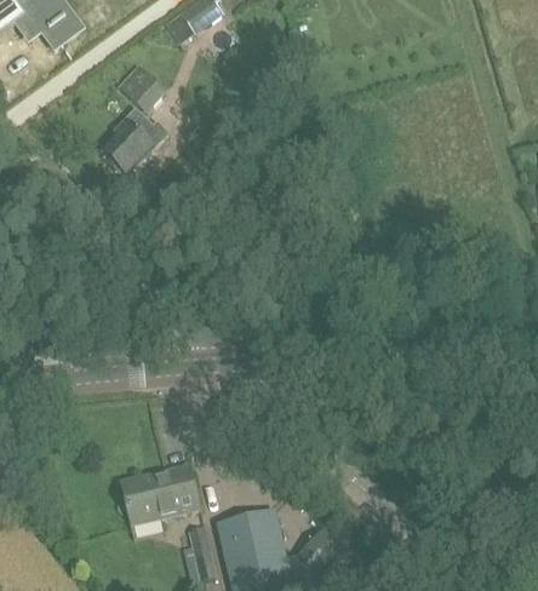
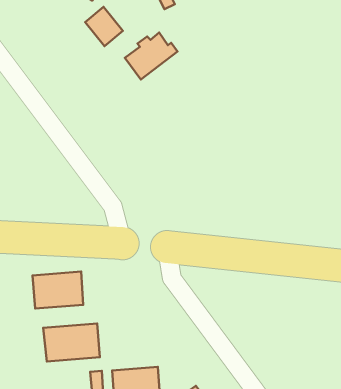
building: [102,109,167,172] -> [125,33,177,79]
building: none -> [32,272,83,309]

